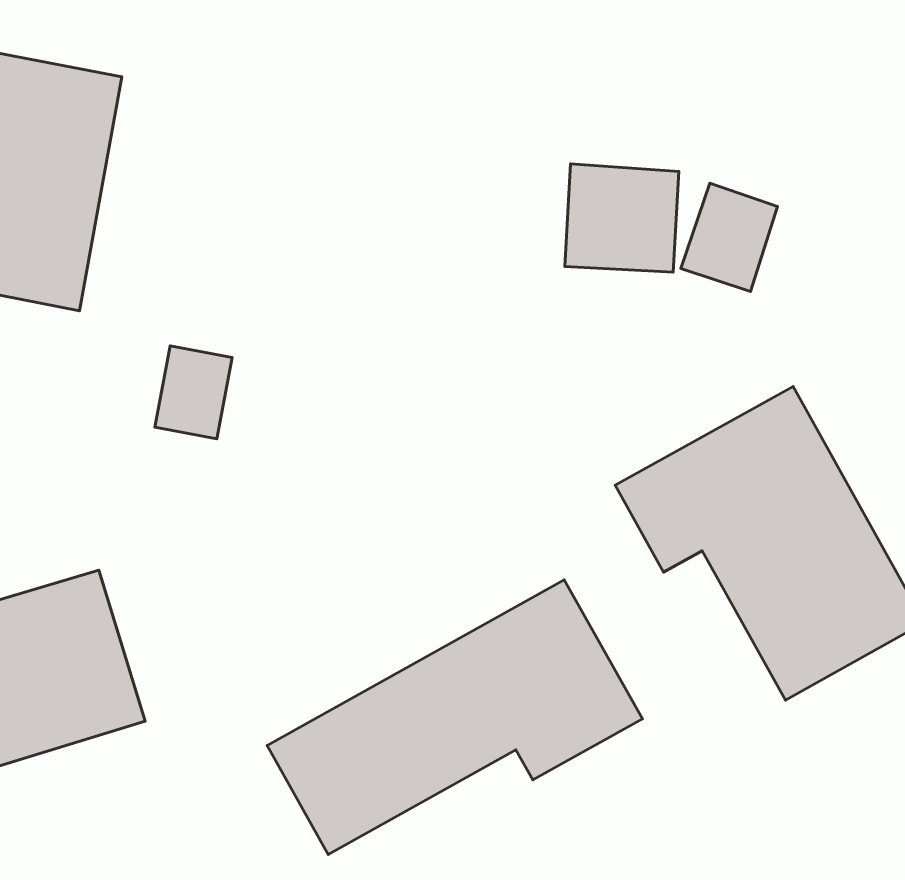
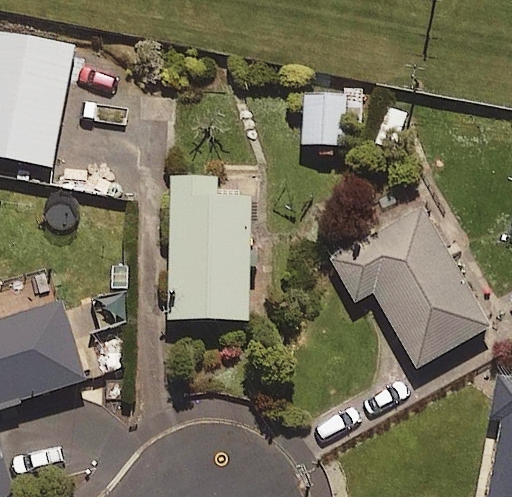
building: none -> [169,175,249,318]
building: [267,580,642,854] -> none

